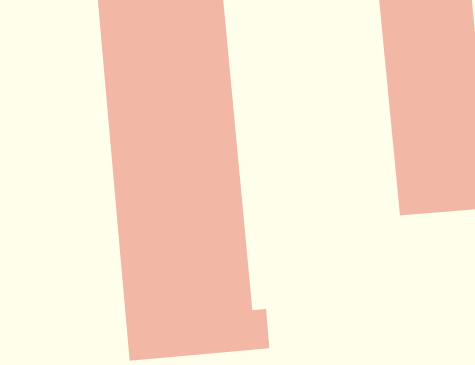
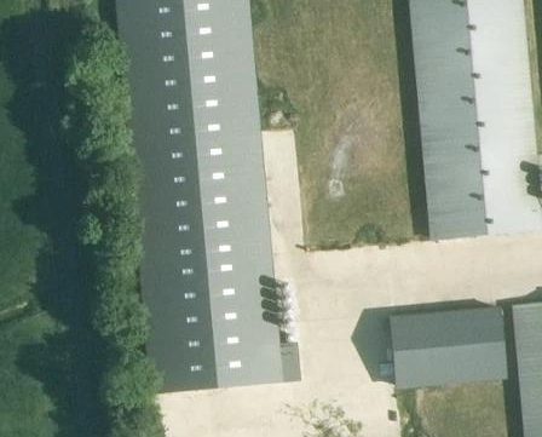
building: none -> [386,309,502,385]

